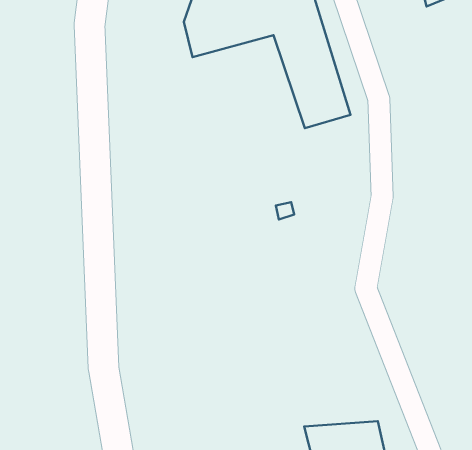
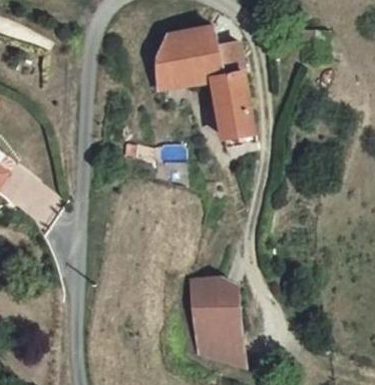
building: none -> [195,274,248,332]

